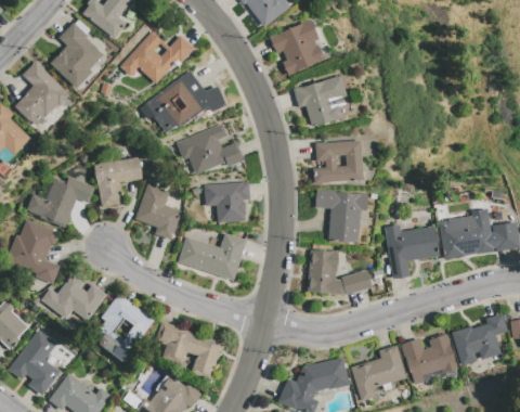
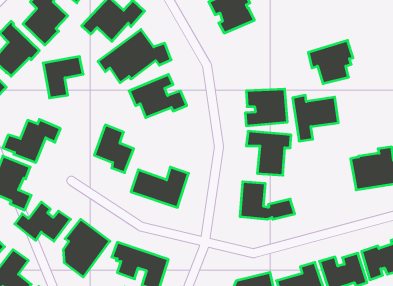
building: [294,75,347,126] -> [308,40,353,84]
building: [94,157,142,206] -> [43,57,83,98]
building: [204,181,250,222] -> none
building: [385,223,439,278] -> [293,95,338,141]

